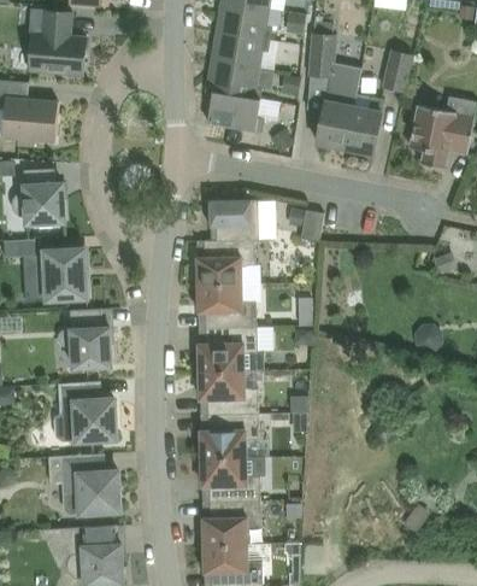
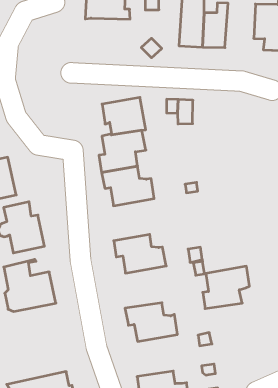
building: [207,92,263,131] -> none
building: [199,327,263,371] -> none
building: [200,412,259,457] -> [203,266,249,309]
building: [48,452,119,515] -> none
building: [202,499,261,544] -> none

